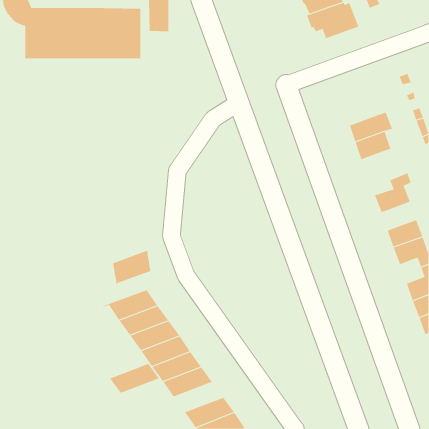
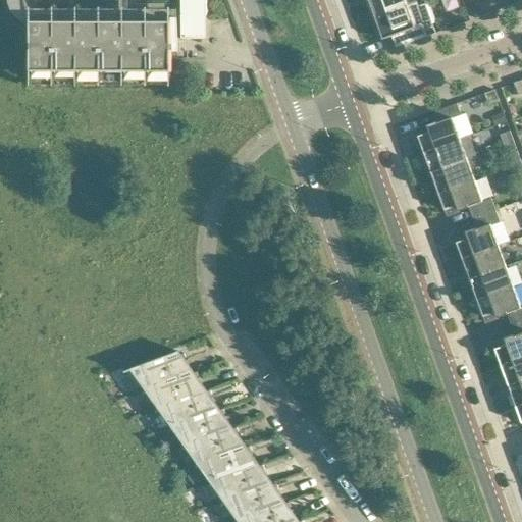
building: none -> [415,103,461,152]
building: none -> [437,180,494,218]
building: none -> [462,245,505,279]
building: [113,250,151,284] -> none
building: [109,363,160,393] -> [210,463,271,500]

